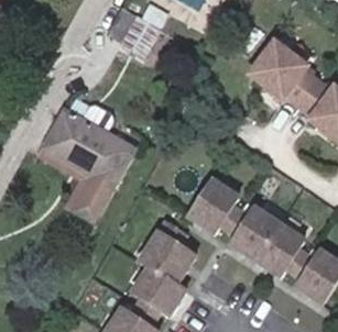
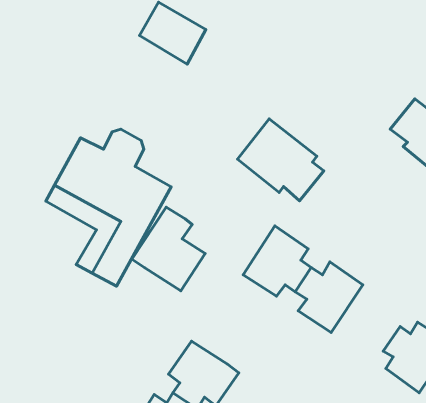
building: [253,43,319,106] -> [238,119,324,201]
building: [139,221,195,285] -> [132,207,205,291]
building: [255,224,308,278] -> none

